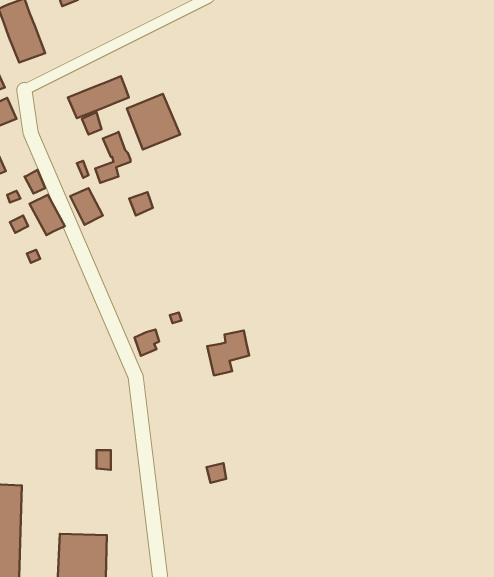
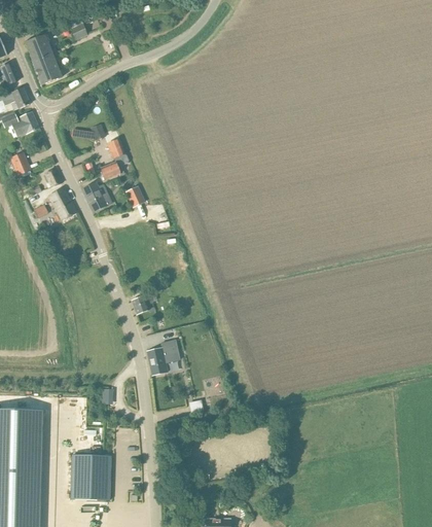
building: [68,76,129,118] -> none
building: [127,94,180,149] -> none
building: [207,331,249,375] -> [147,339,180,374]

